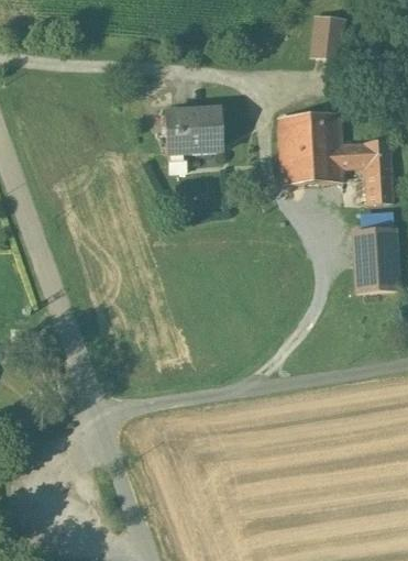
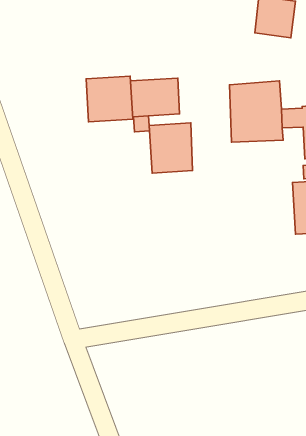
building: none -> [86,76,133,122]
building: none -> [149,123,193,173]

